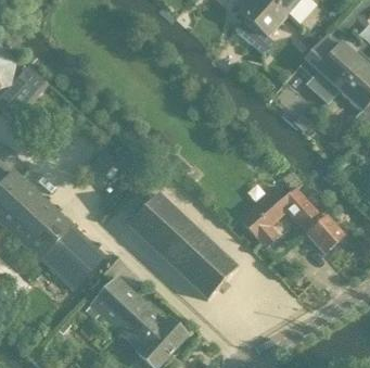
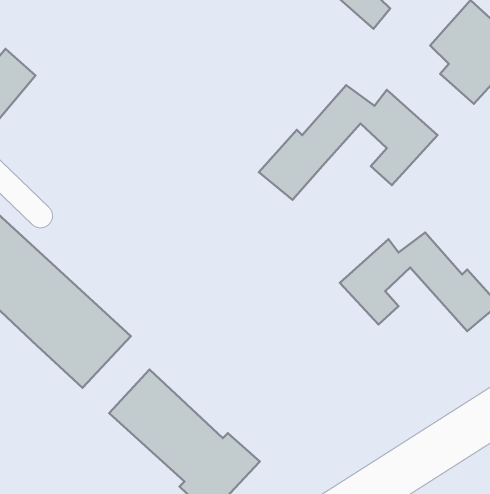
building: none -> [259,85,438,200]
building: [128,192,238,299] -> none

